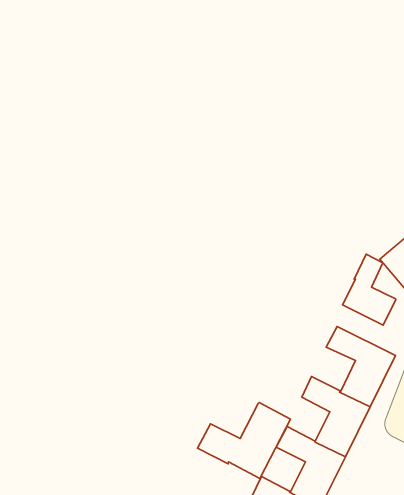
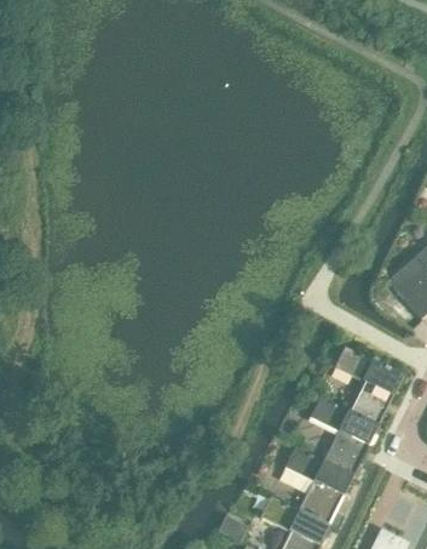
building: [342,254,396,325] -> none
building: [197,403,291,478] -> none

